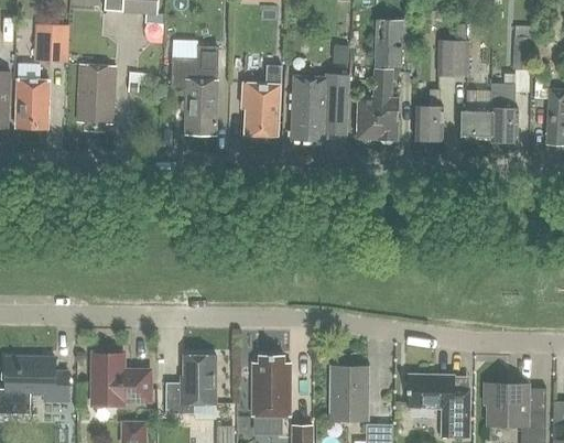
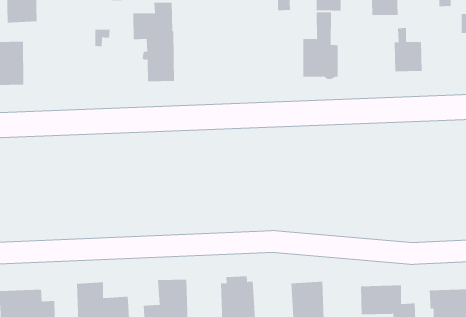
building: [77,63,115,129] -> none
building: [241,66,280,139] -> none
building: [291,73,348,141] -> none
building: [490,74,519,143] -> none
building: [415,89,444,141] -> none

